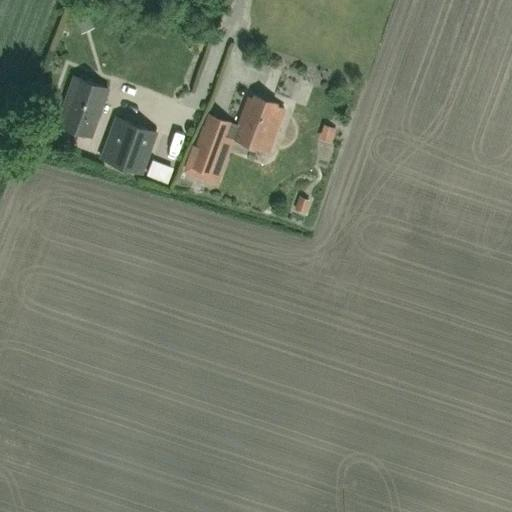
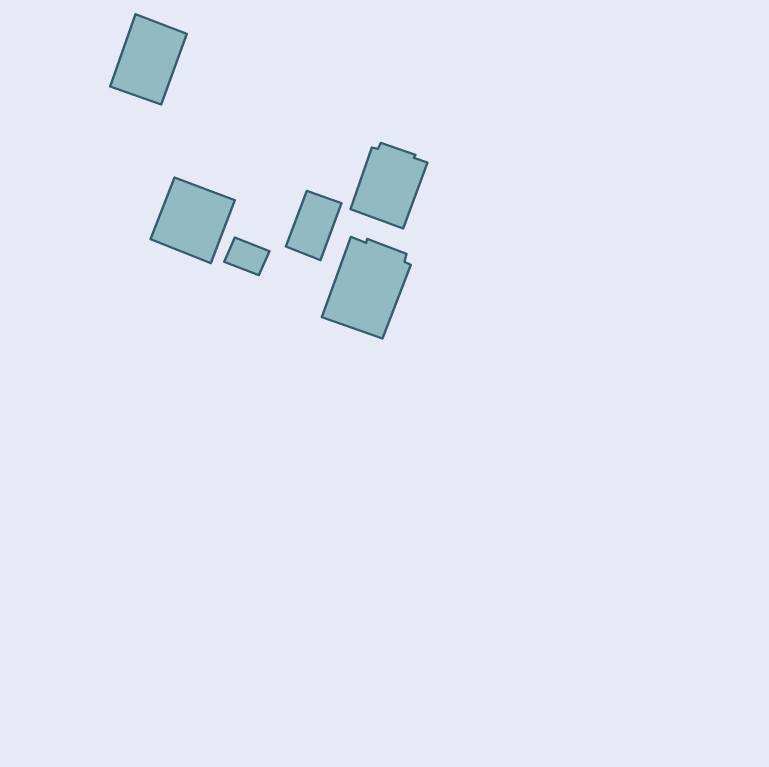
building: [57,77,108,137] -> [110,14,187,104]
building: none -> [322,237,411,339]

